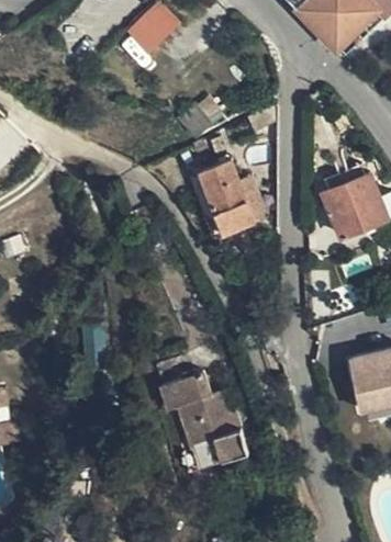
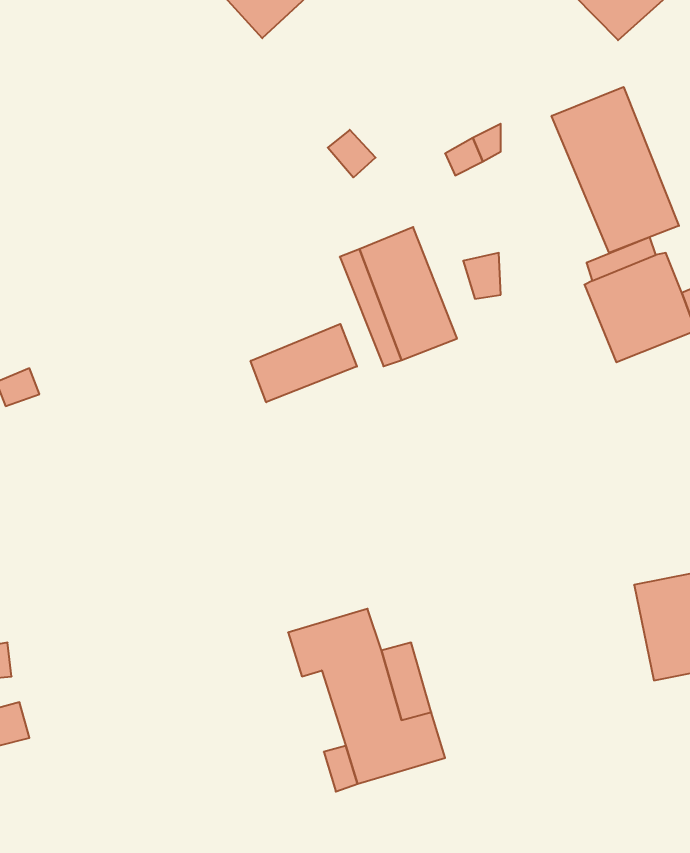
building: none -> [552,87,679,253]
building: none -> [251,324,357,402]

